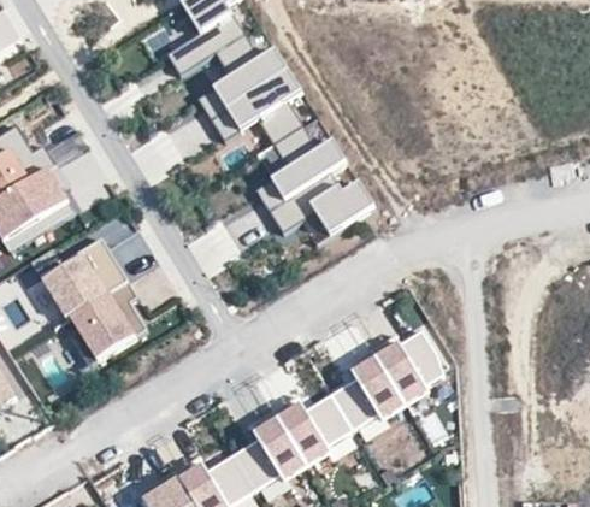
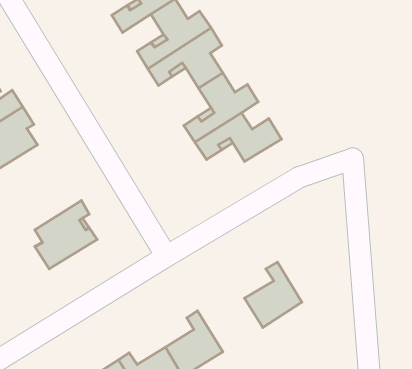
building: [39,237,126,318] -> none
building: [368,341,437,405] -> none
building: [270,400,350,466] -> none

